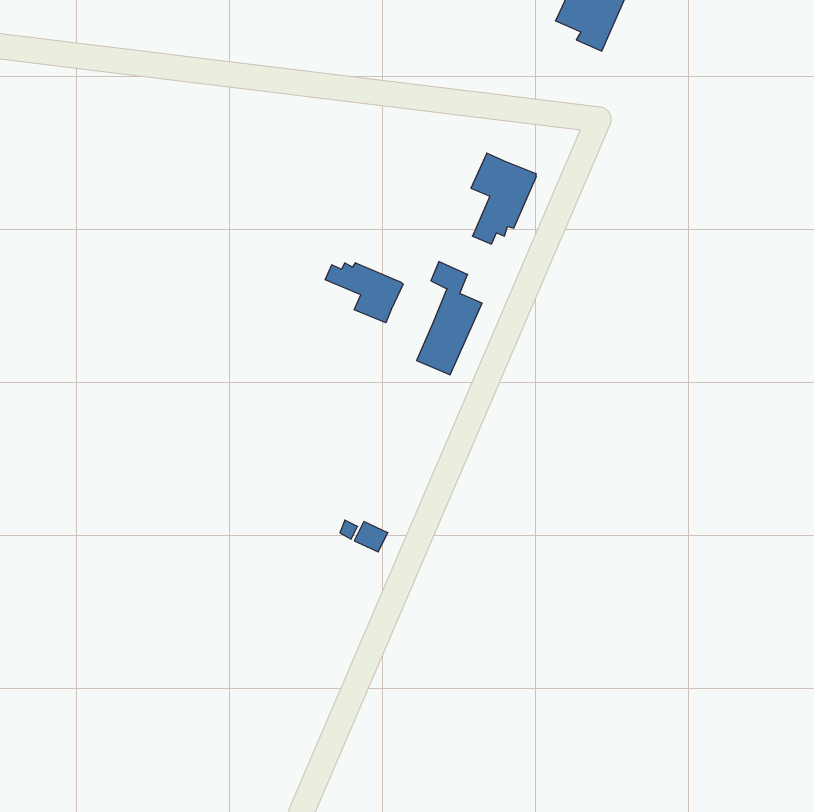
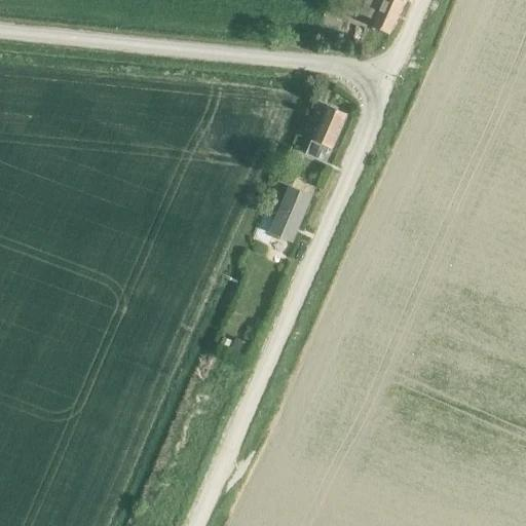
building: [325,263,403,323] -> none

